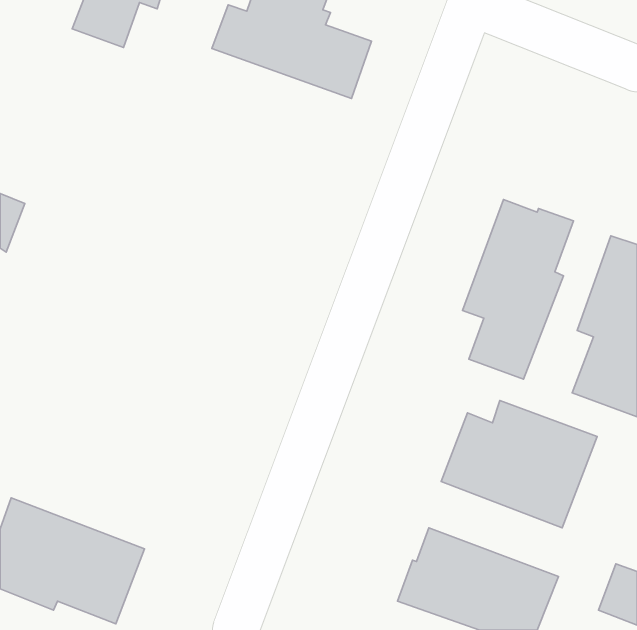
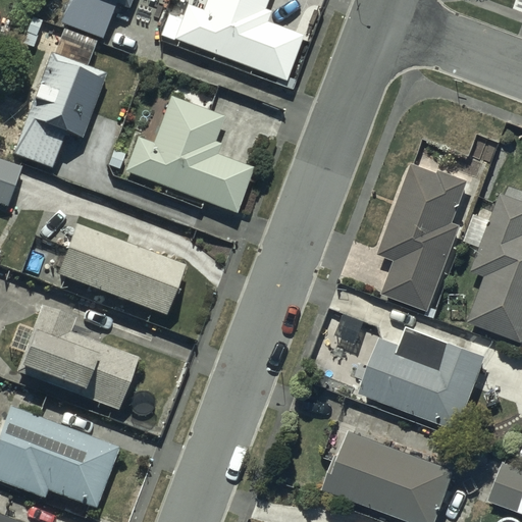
building: none -> [12,52,105,169]
building: none -> [124,96,253,213]
building: none -> [53,224,185,317]
building: none -> [17,306,136,408]

